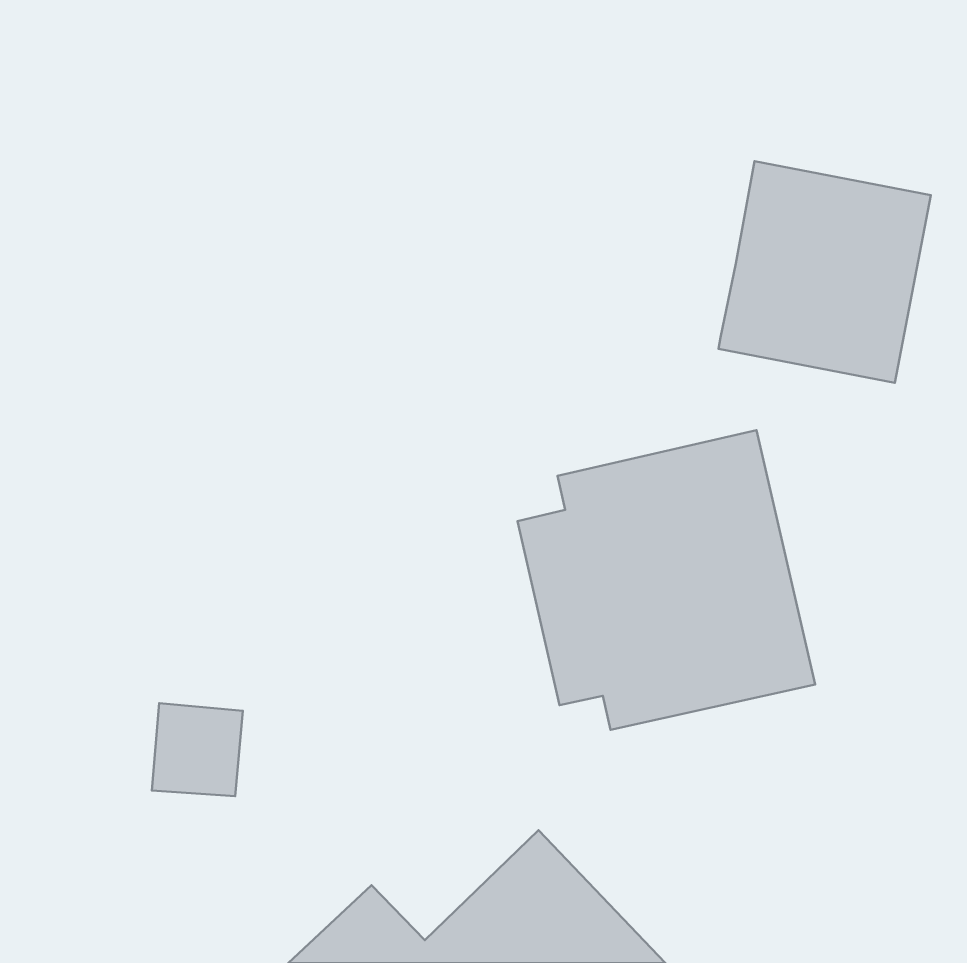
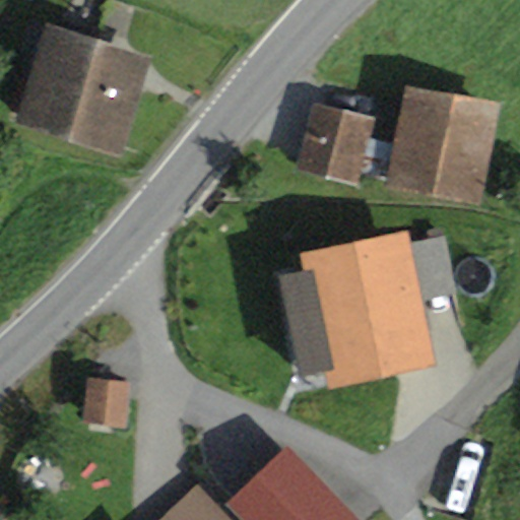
building: none -> [15,24,153,157]
building: none -> [296,101,394,186]

